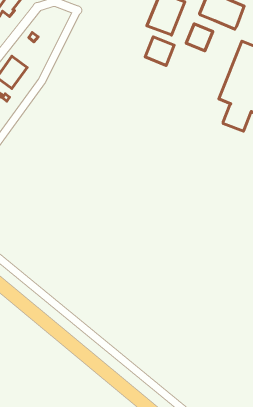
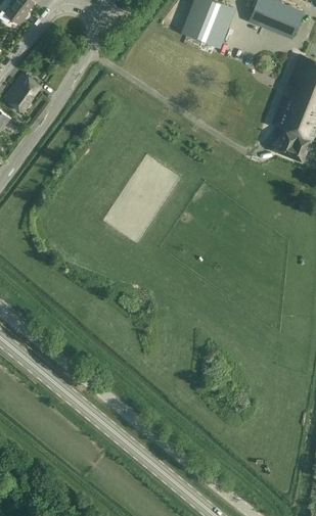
building: [186,24,213,51] -> none
building: [145,37,174,66] -> none

